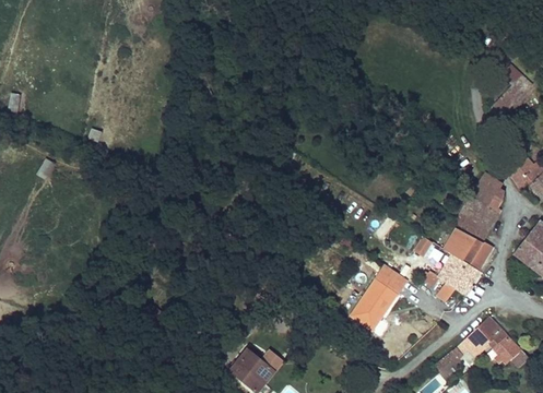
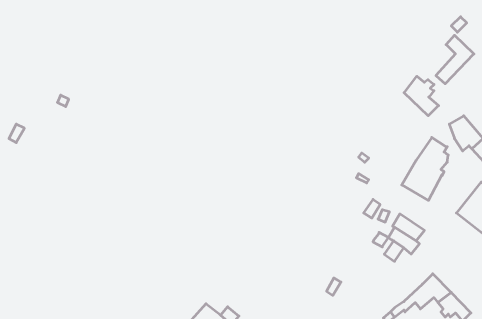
building: none -> [404,76,439,116]
building: [445,229,494,272] -> none
building: [351,265,409,331] -> none

